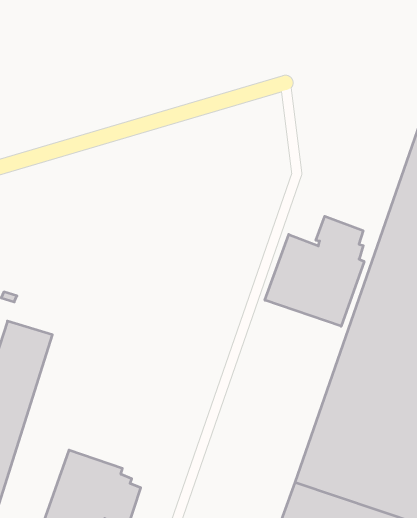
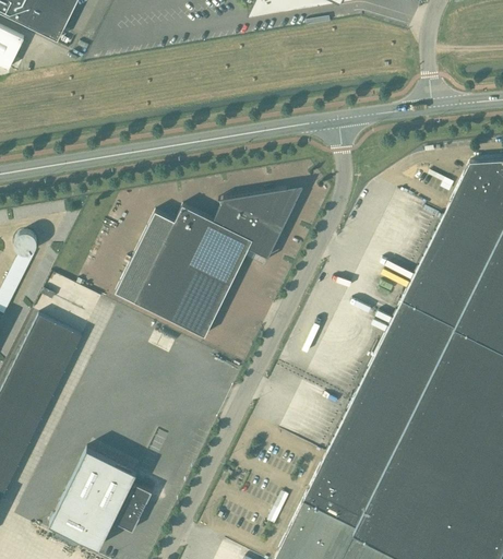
building: none -> [116,189,296,337]
building: [265,216,364,326] -> none

